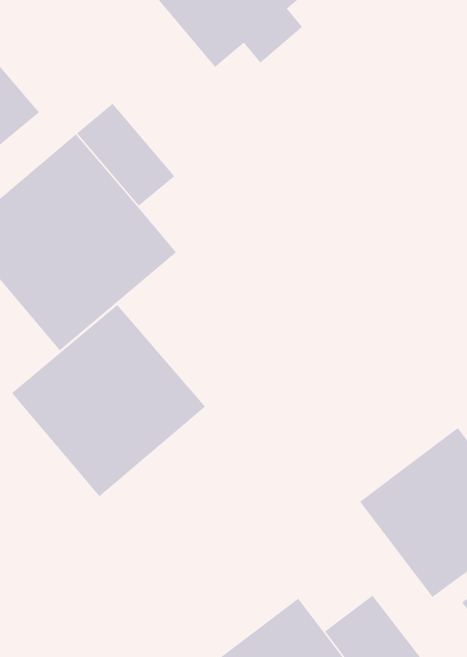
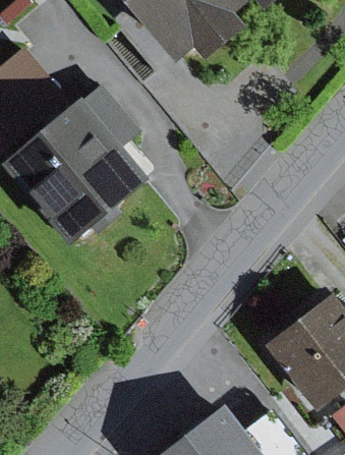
building: [11,304,206,497] -> none

